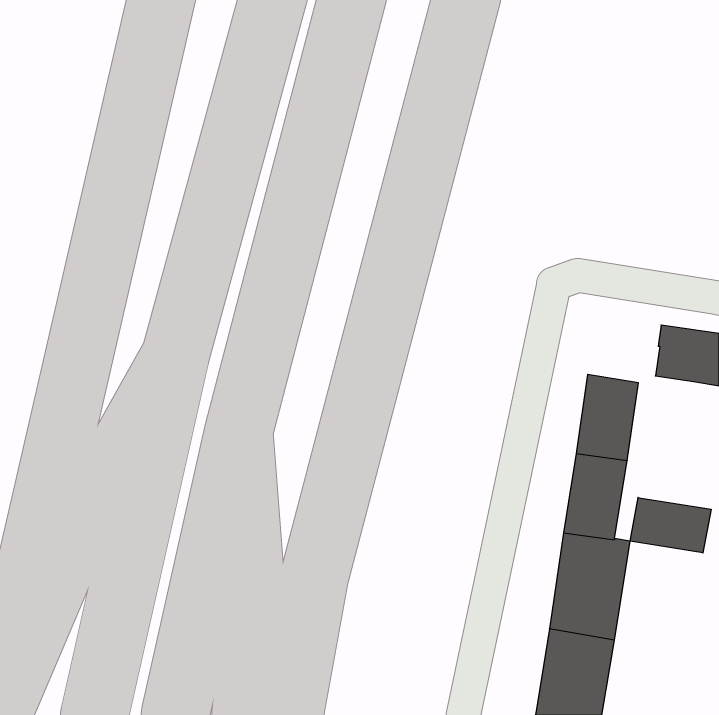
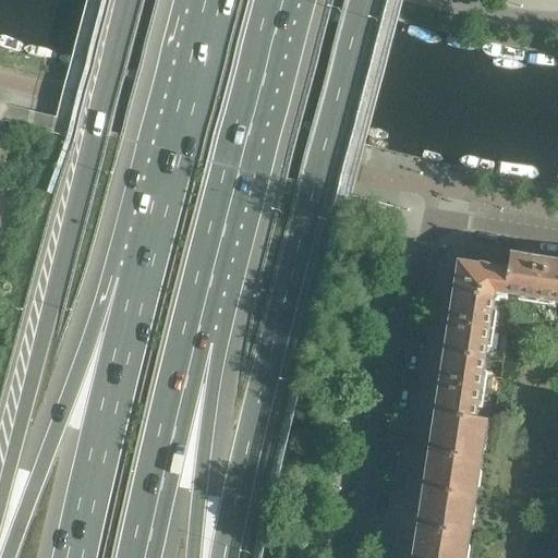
building: none -> [453,259,509,295]
building: [630,497,711,553] -> none

